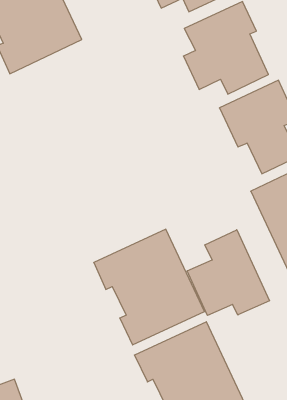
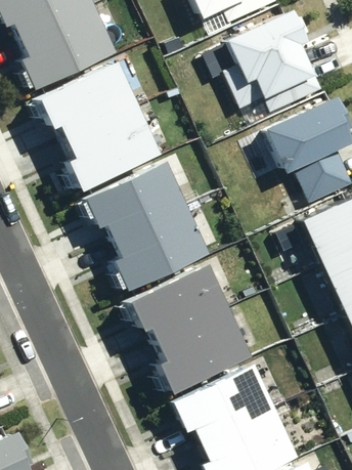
building: none -> [36,61,159,190]
building: none -> [85,162,208,290]
building: [187,230,269,315] -> none

